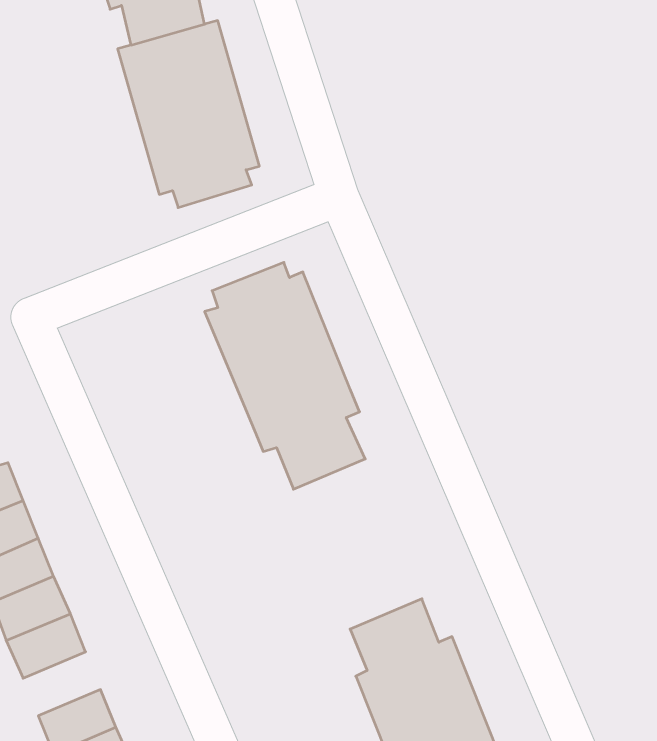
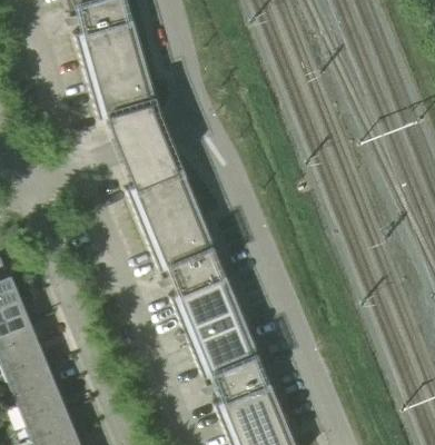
building: none -> [111,113,174,176]
building: none -> [171,273,263,378]
building: none -> [20,388,66,426]

